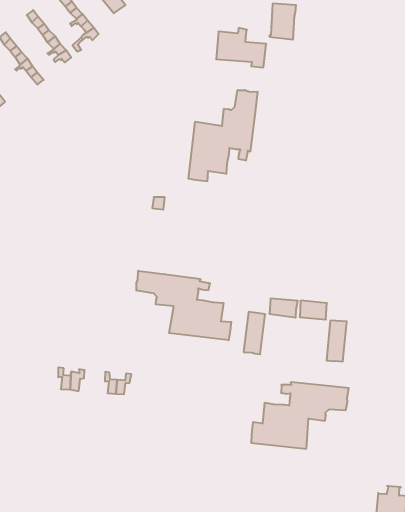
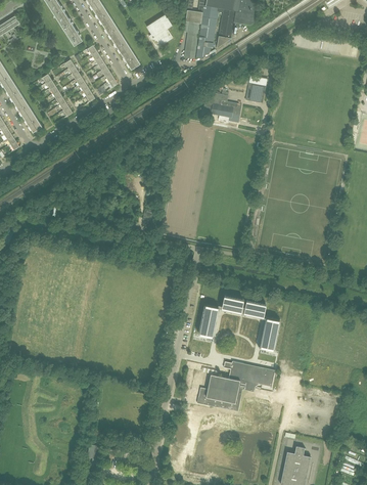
building: [189,90,258,181] -> none
building: [136,271,231,340] -> none

